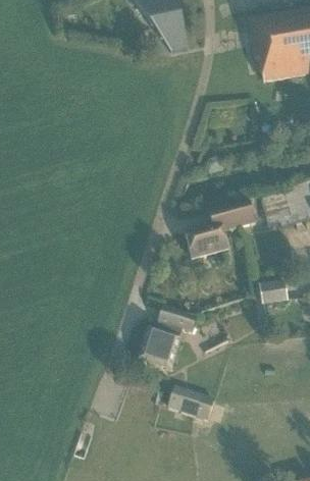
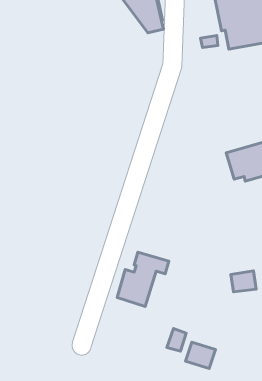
building: [184,198,255,256] -> none
building: [259,279,288,303] -> [231,271,256,292]
building: [167,383,201,413] -> [186,342,216,368]

